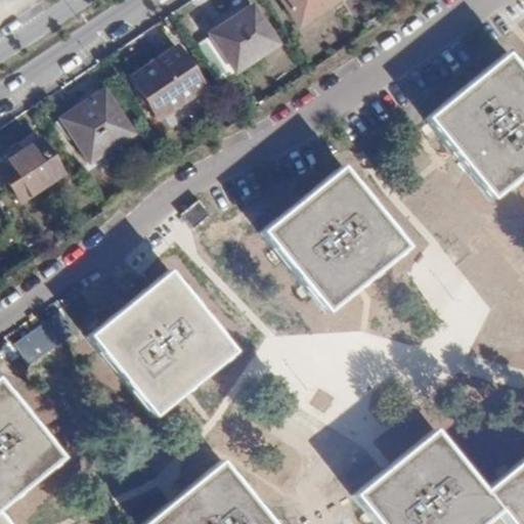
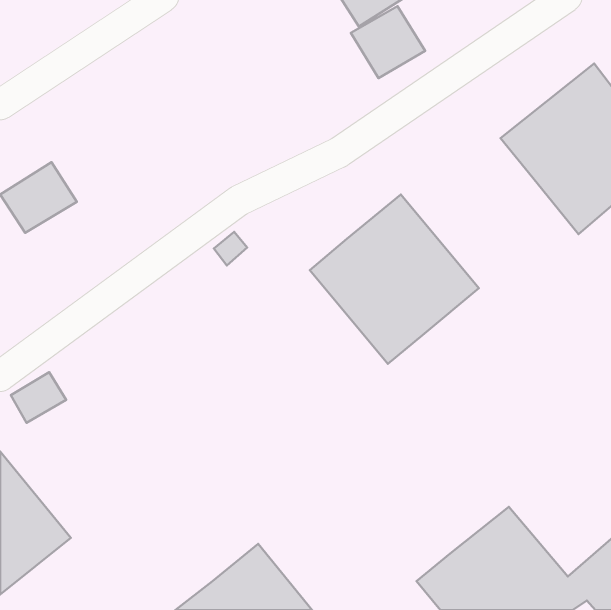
building: [215,9,278,71] -> [351,6,425,78]
building: [134,50,209,121] -> none
building: [66,93,136,164] -> none
building: [93,271,237,416] -> none

